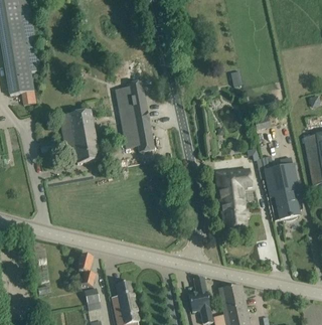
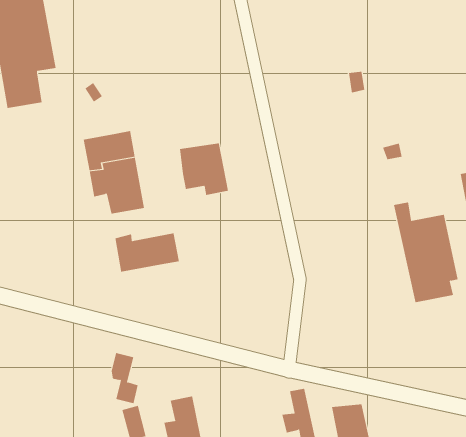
building: [116,84,148,121] -> none
building: [215,169,253,228] -> none
building: none -> [115,233,180,272]

